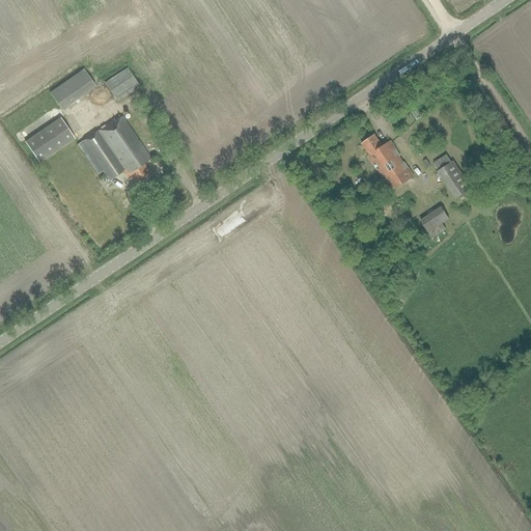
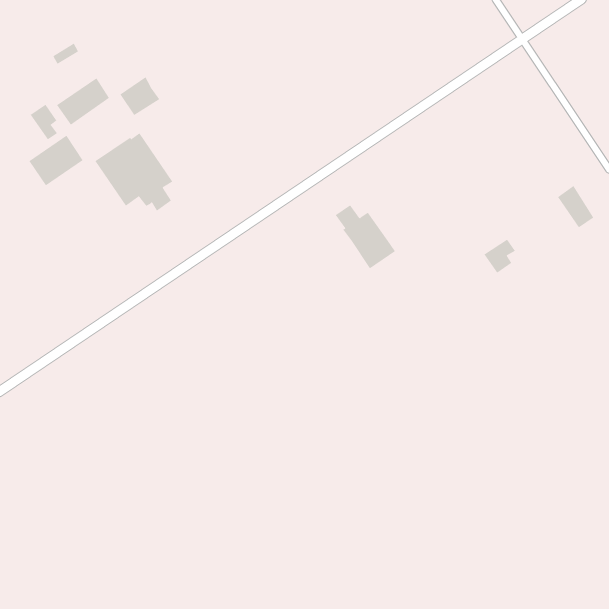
building: none -> [30,104,58,140]
building: [360,134,413,190] -> [335,205,396,269]
building: [438,160,470,197] -> [557,185,594,228]

